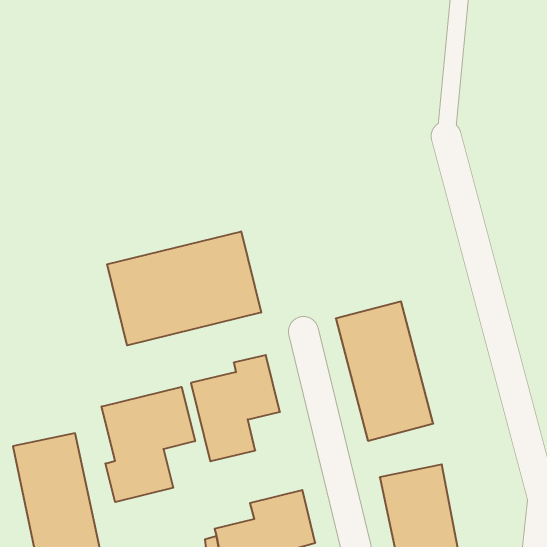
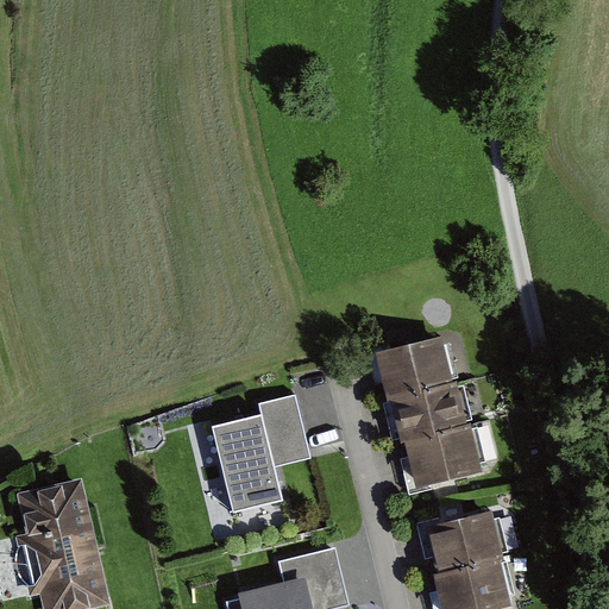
building: [107,231,261,345] -> none
building: [102,387,195,502] -> none

